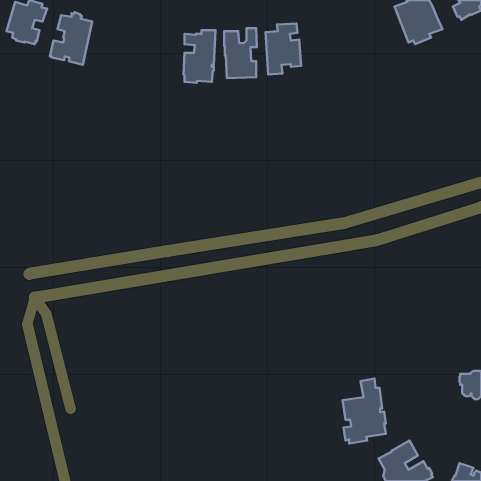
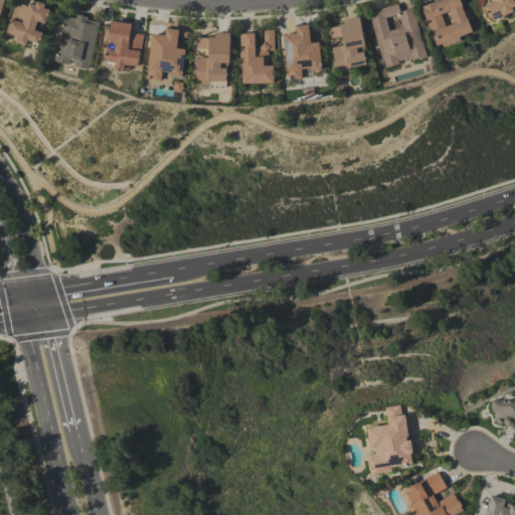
building: none -> [370,4,426,67]
building: none -> [328,16,366,72]
building: none -> [104,20,144,69]
building: none -> [147,28,188,80]

